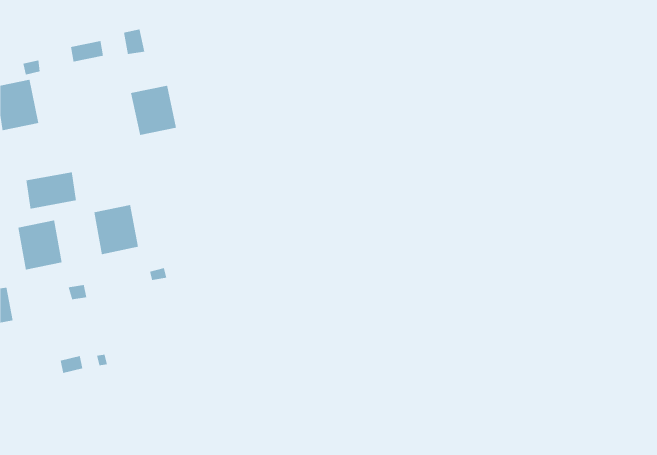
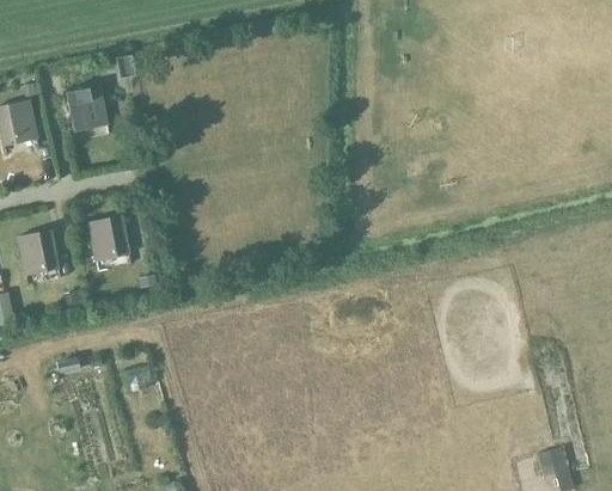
building: [130,85,177,135] -> [65,86,108,133]
building: [26,172,77,209] -> none

